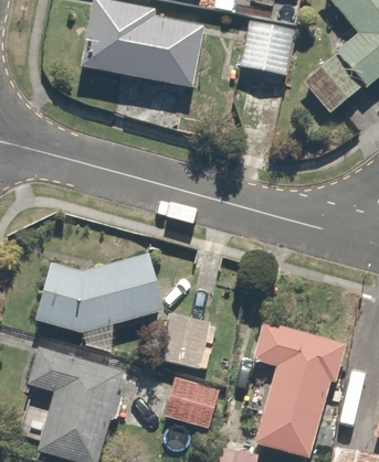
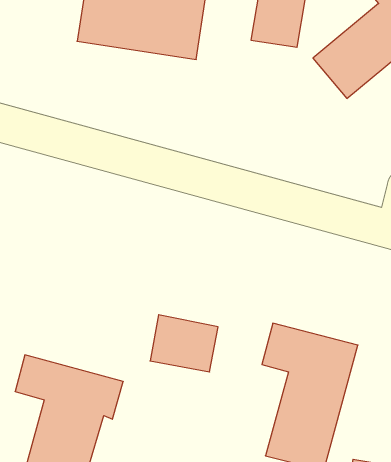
building: [36,262,162,333] -> none
building: [166,375,219,428] -> none

